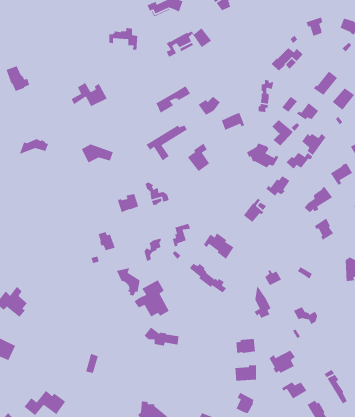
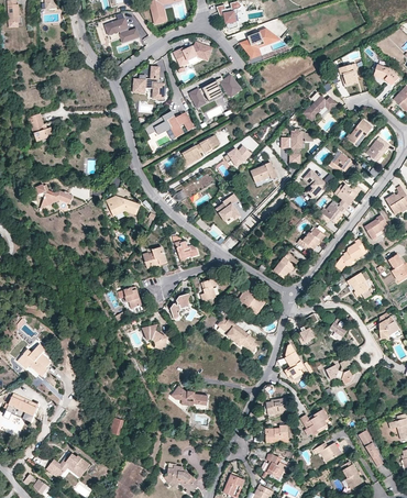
building: [71,82,108,107] -> [156,109,195,135]
building: [246,143,280,169] -> none
building: [133,279,170,318] -> none

